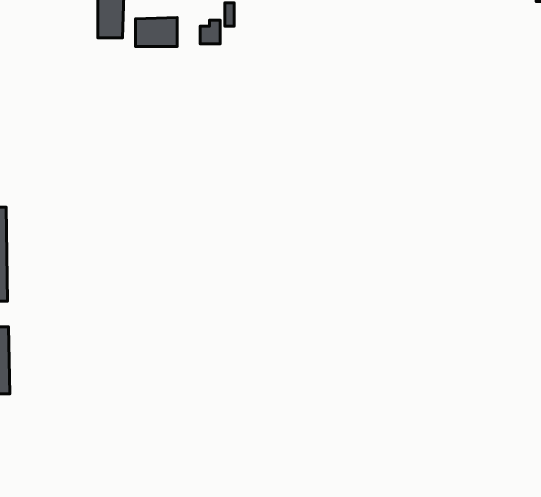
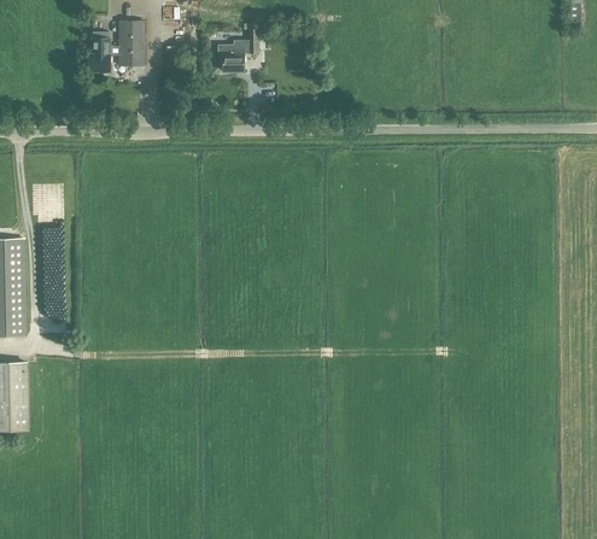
building: none -> [87,34,107,72]
building: [135,18,177,47] -> none

